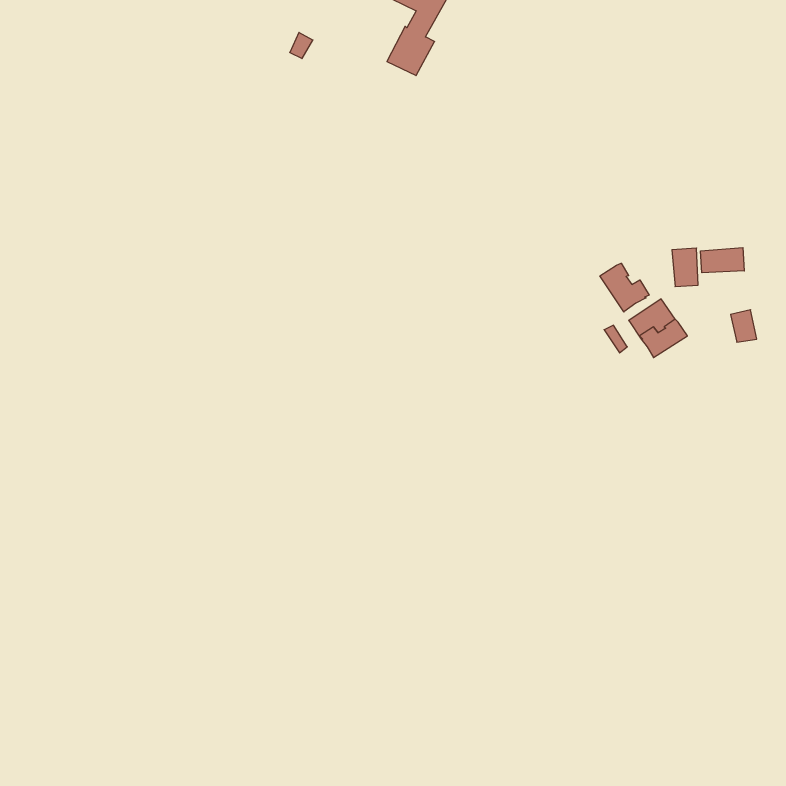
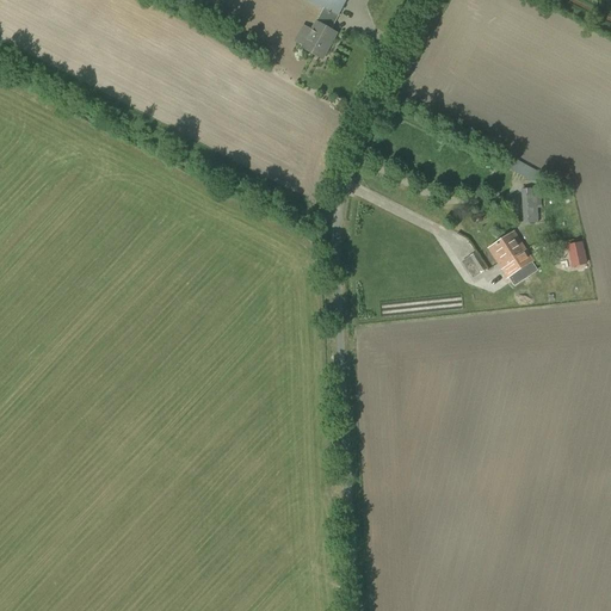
building: [701,248,744,273] -> none
building: [600,263,649,312] -> none

